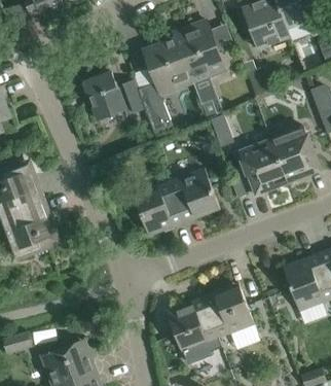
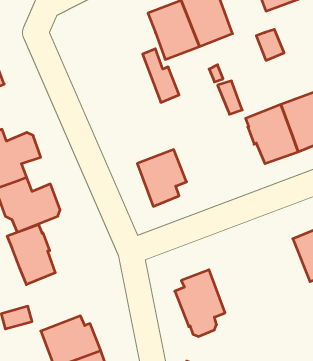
building: [84,72,146,120] -> none
building: [169,168,220,218] -> none
building: none -> [7,224,55,285]
building: [203,286,254,338] -> none

